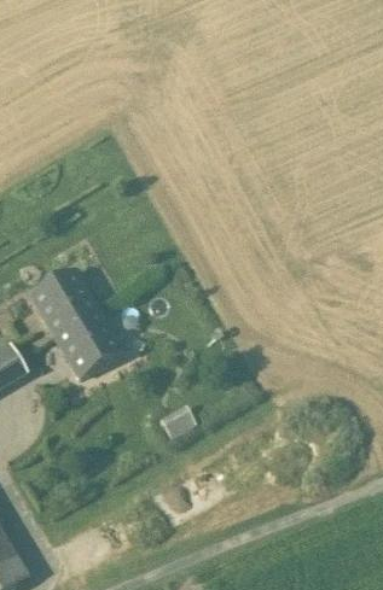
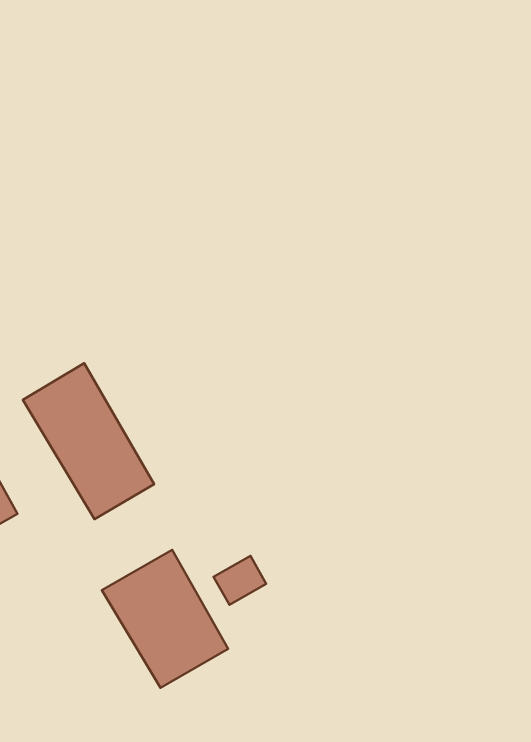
building: none -> [102,550,228,688]

